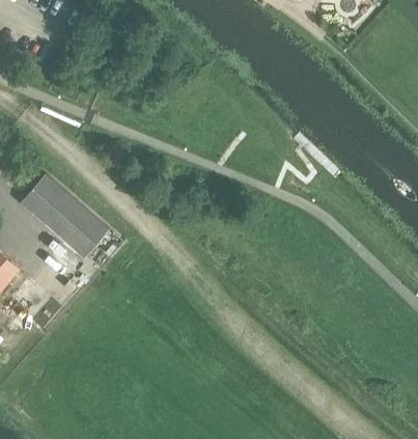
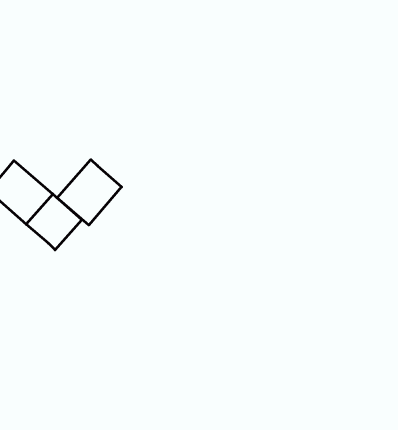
building: none -> [57,160,122,225]

